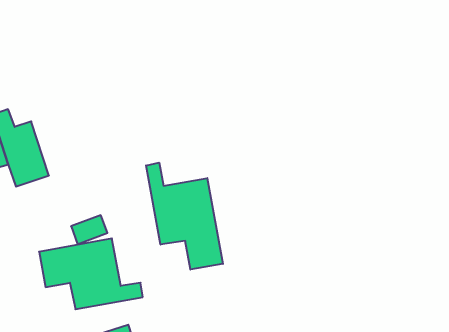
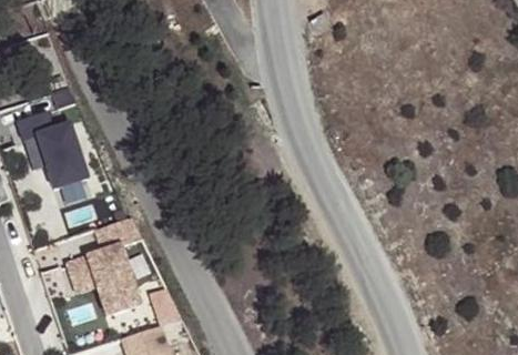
building: [146,163,223,270] -> none

